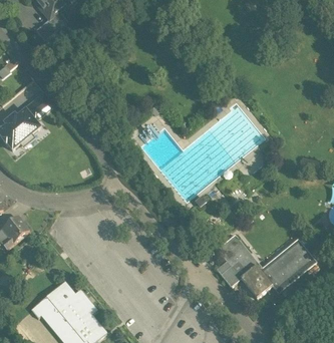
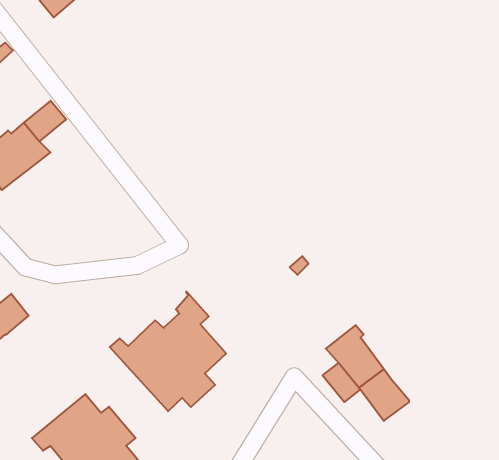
building: none -> [110,291,226,411]
building: [259,242,314,293] -> none

